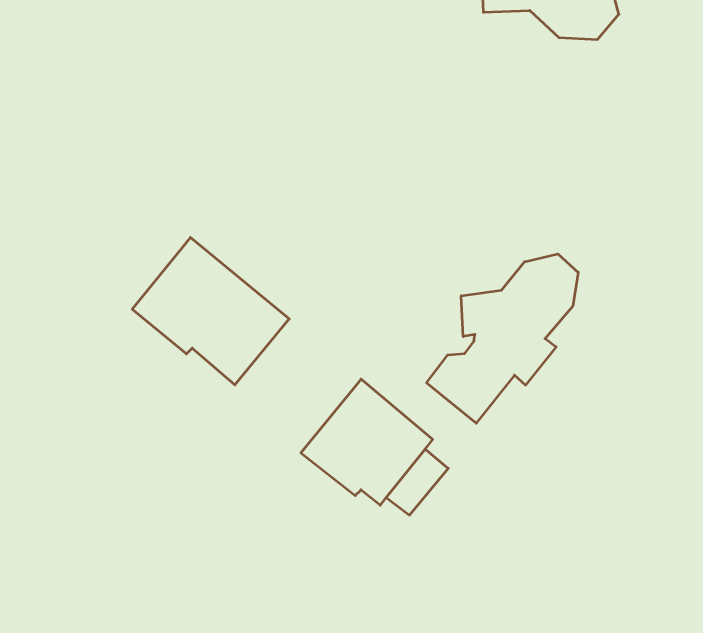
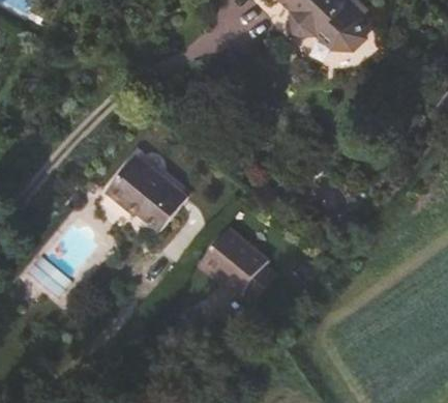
building: [427,254,578,423] -> none

